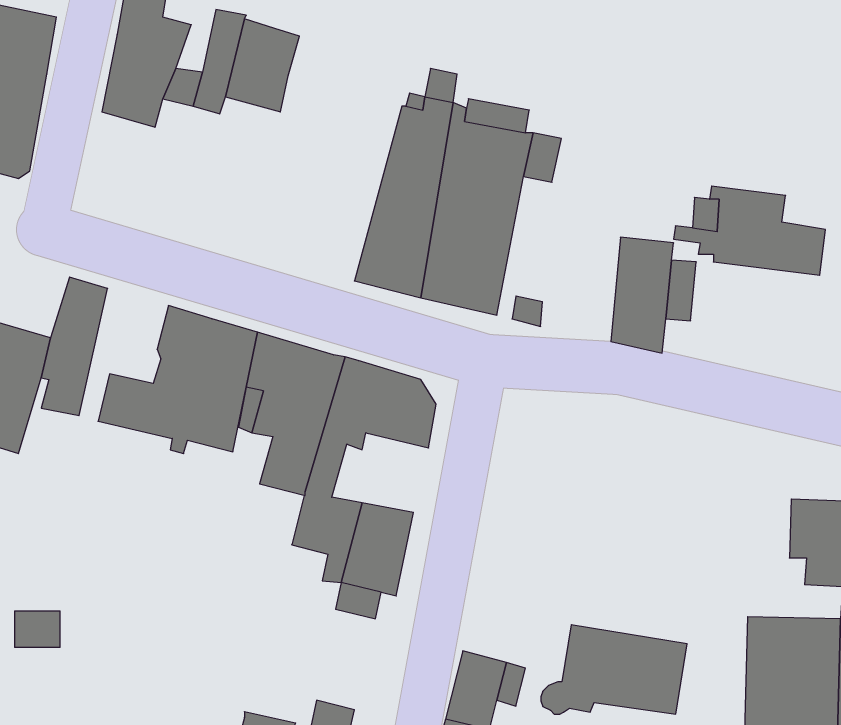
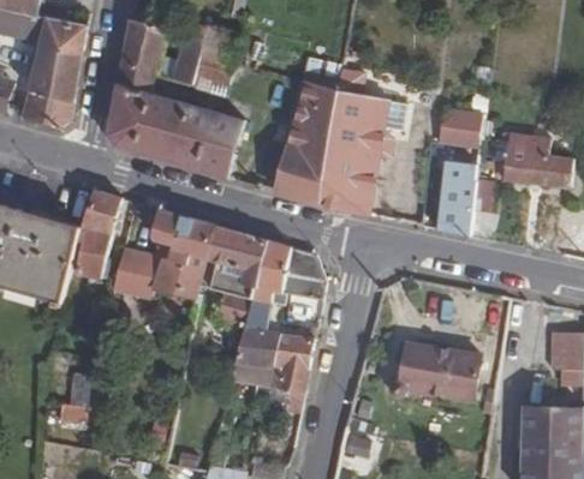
building: none -> [107,85,243,178]
building: none -> [440,103,487,146]
building: [541,625,687,714] -> [387,342,479,399]

